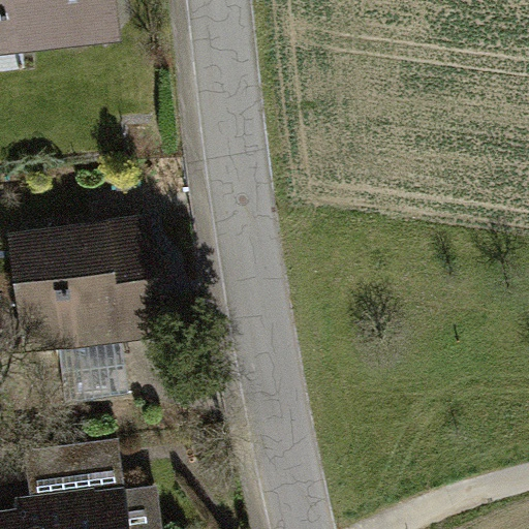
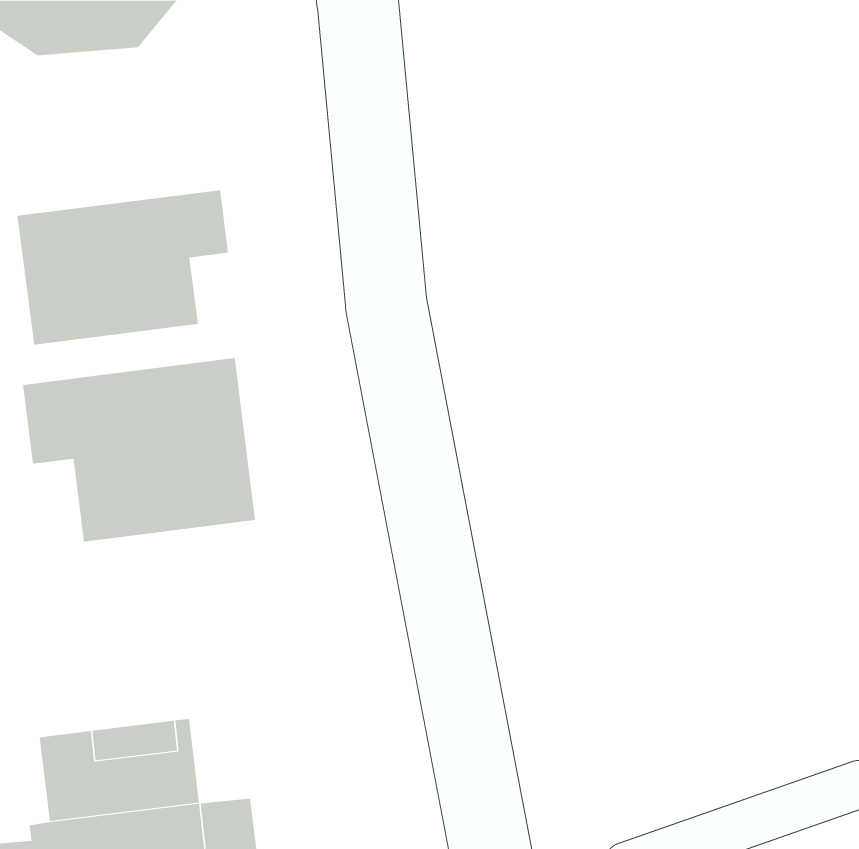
building: none -> [17,189,229,345]

